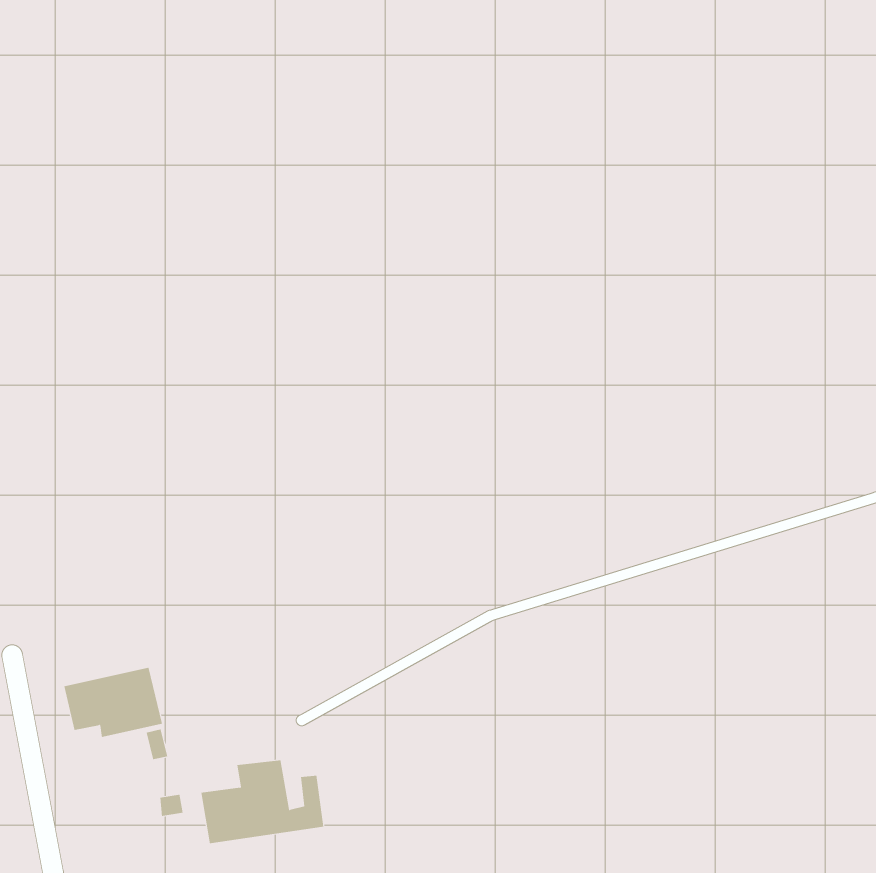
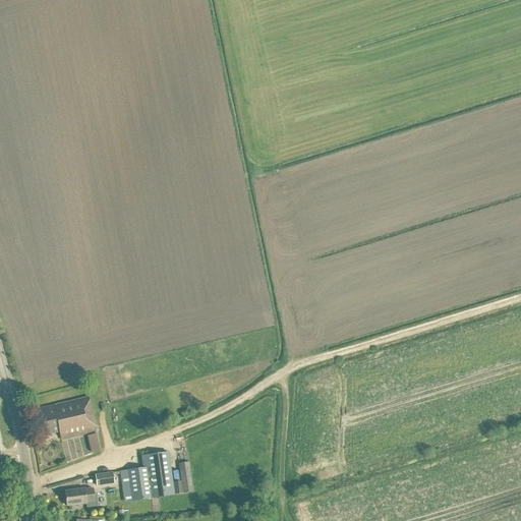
building: none -> [64,486,98,506]

